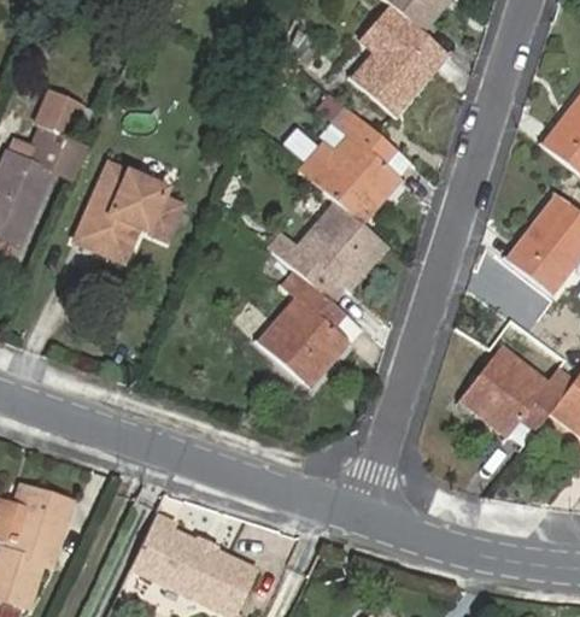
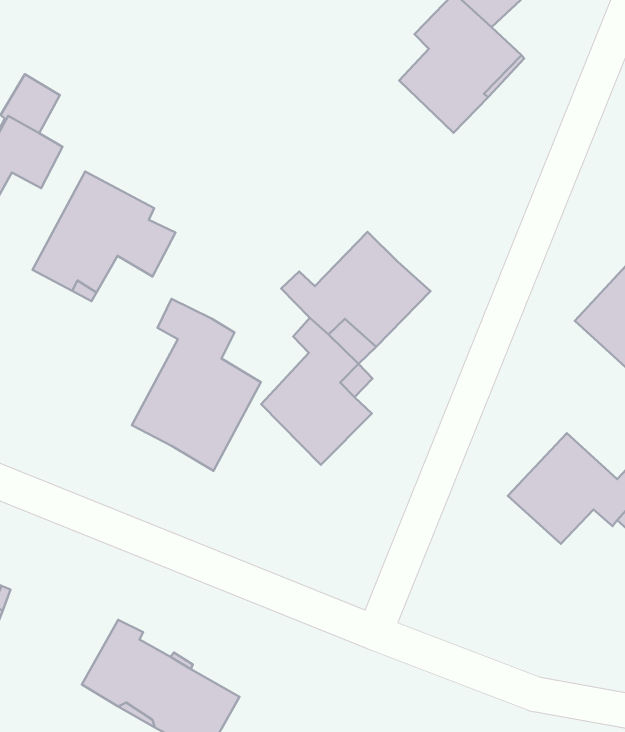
building: [297,92,411,219] -> none
building: none -> [132,299,261,471]

